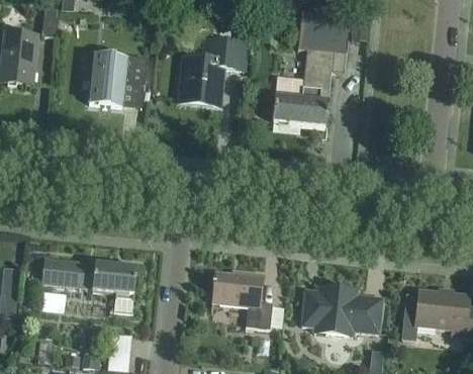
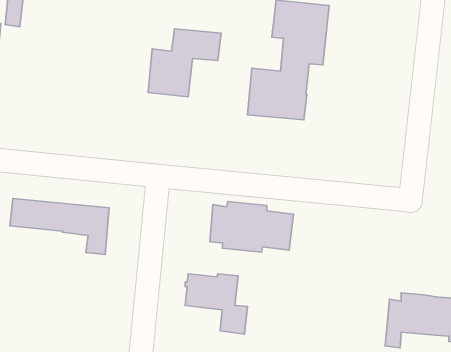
building: [90,51,147,104] -> none
building: [42,257,137,310] -> [10,198,109,255]
building: [303,286,383,335] -> [210,201,293,252]

